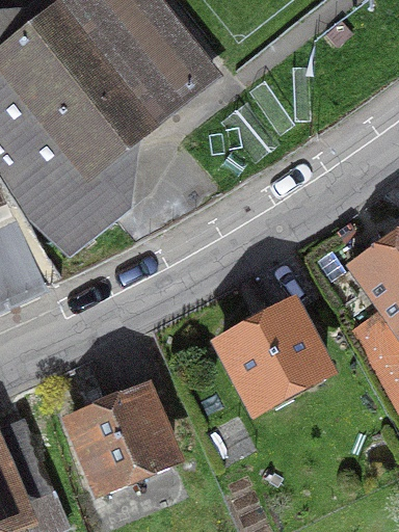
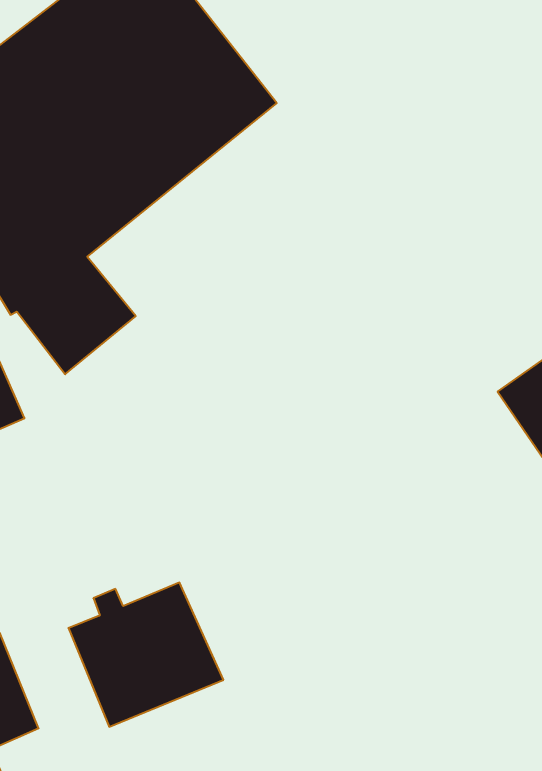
building: [218,308,323,409] -> none

